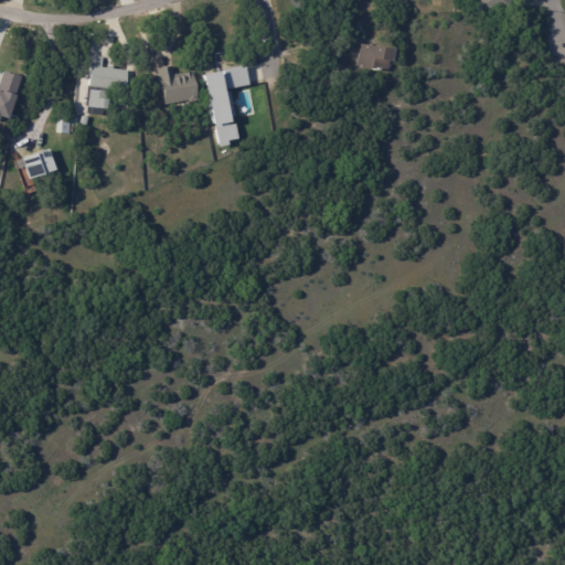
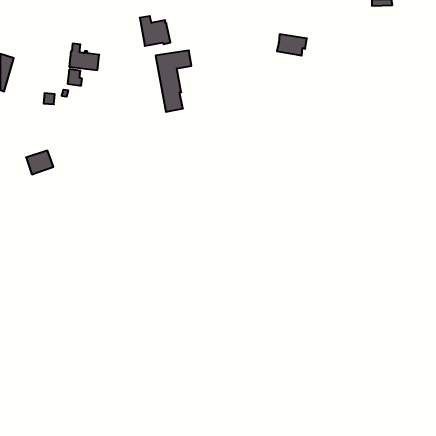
building: [160,66,200,105] -> [140,16,170,46]
building: [21,150,56,181] -> [26,151,53,174]

